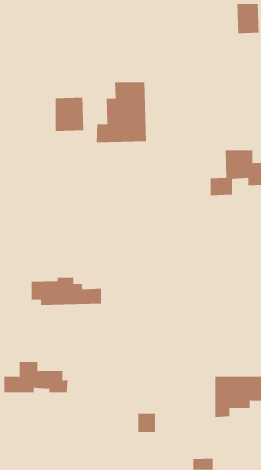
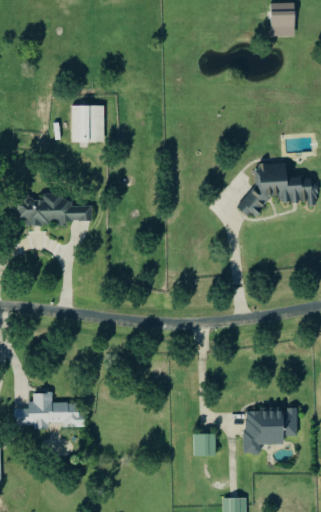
building: [96,82,147,143] -> none
building: [31,277,102,306] -> [16,193,93,224]
building: [138,413,156,432] -> [193,435,213,456]

